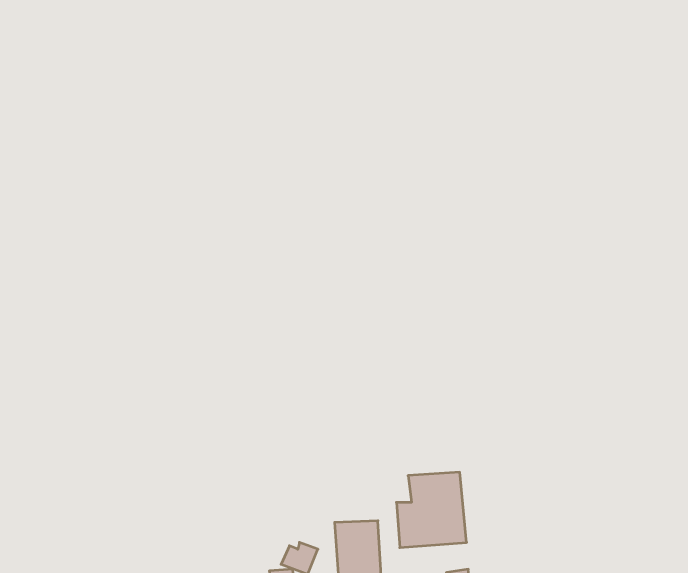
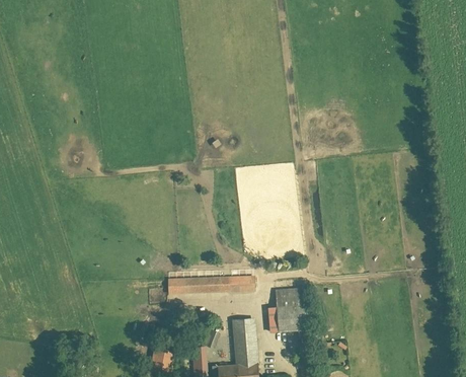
building: none -> [182,278,255,295]

